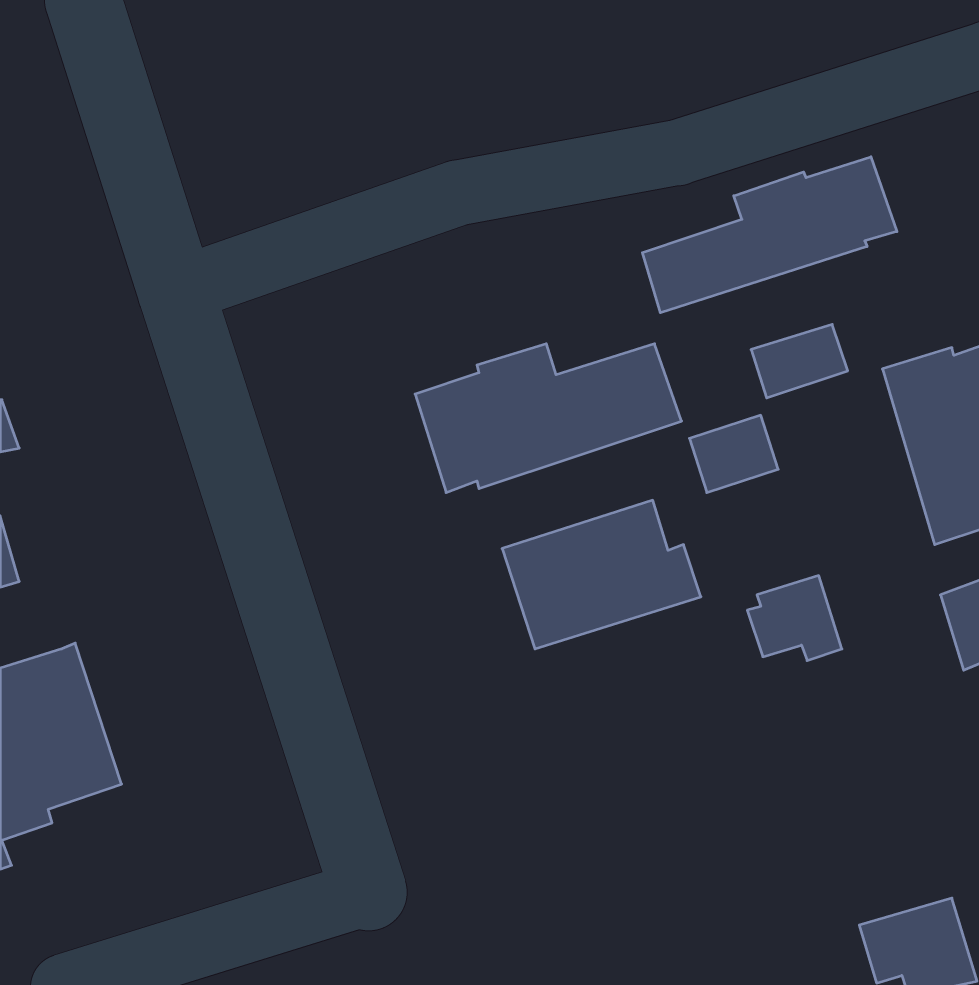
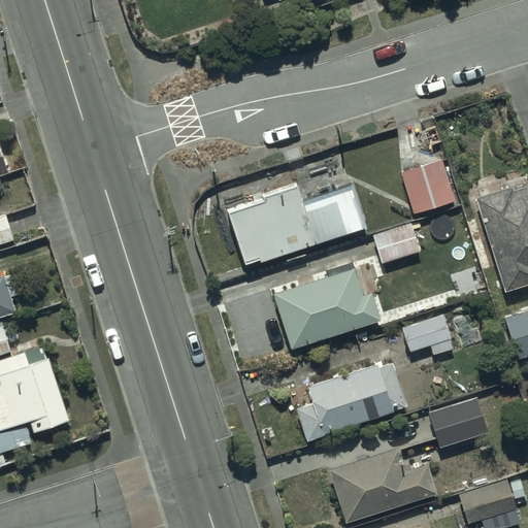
building: [642,157,897,313] -> none
building: none -> [295,363,406,439]
building: none -> [428,397,488,448]
building: none -> [327,448,436,523]

